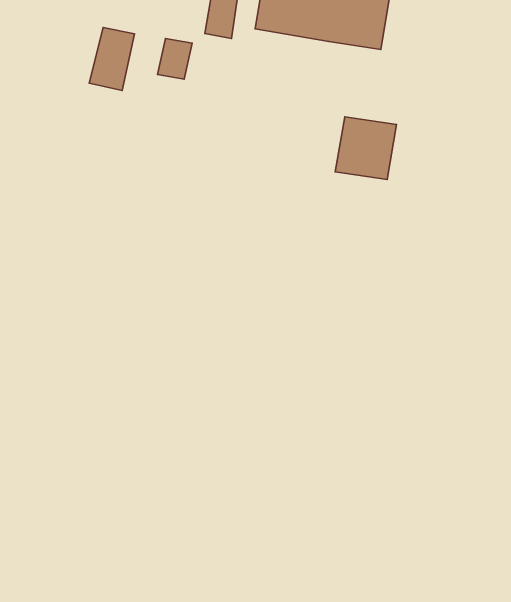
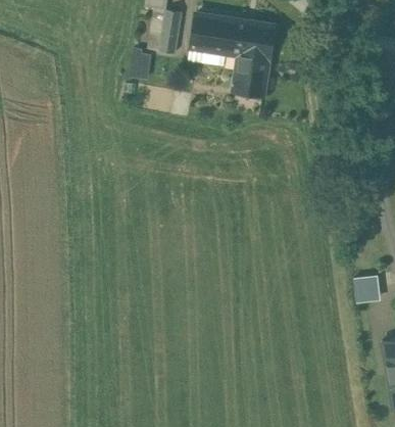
building: [89,28,134,90] -> none
building: [335,117,397,180] -> [233,56,273,97]

